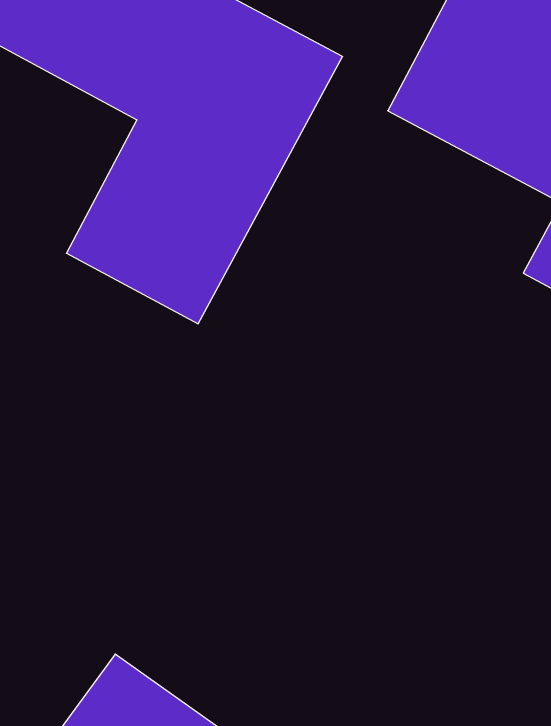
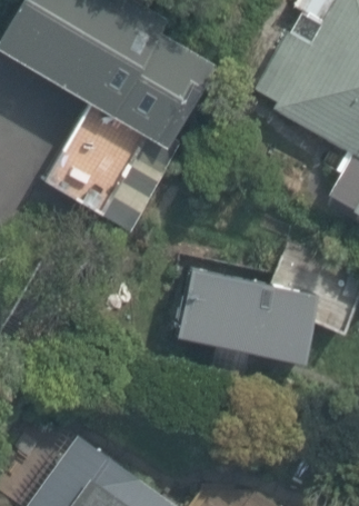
building: none -> [182,269,325,363]

